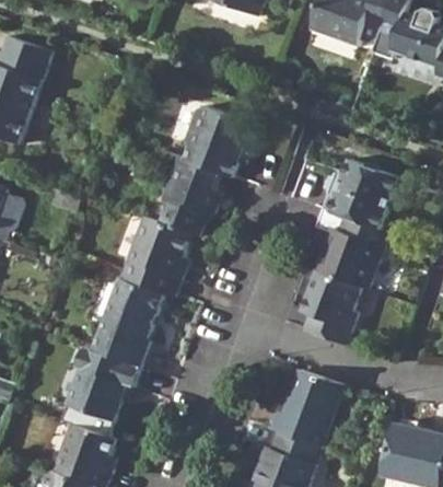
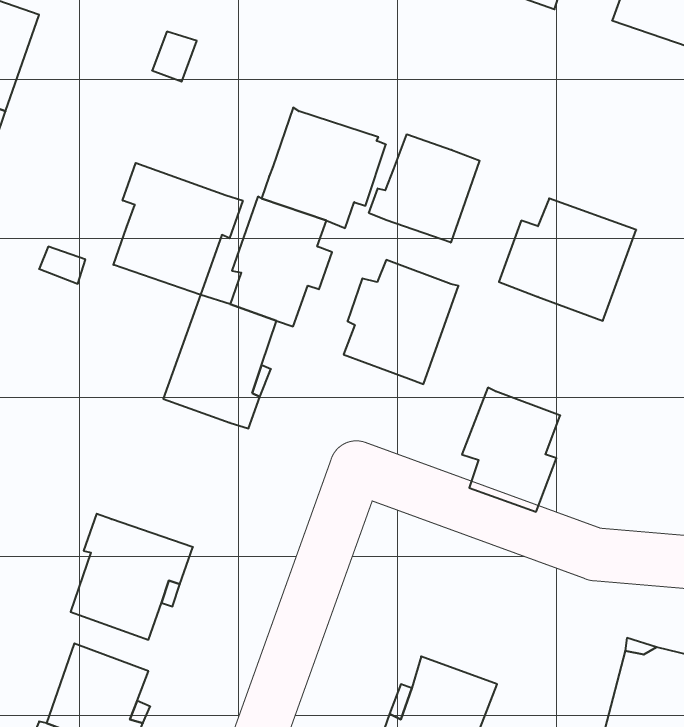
building: none -> [369,134,480,243]
building: none -> [113,163,243,295]
building: [319,218,387,291] -> [344,260,459,384]
building: [93,277,163,367] -> none
building: [270,369,343,447] -> none

